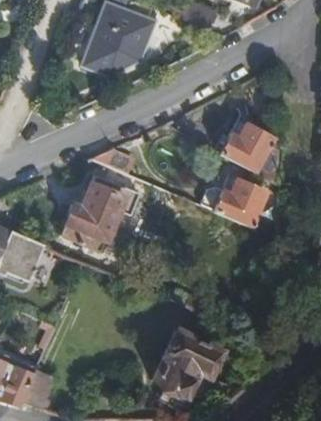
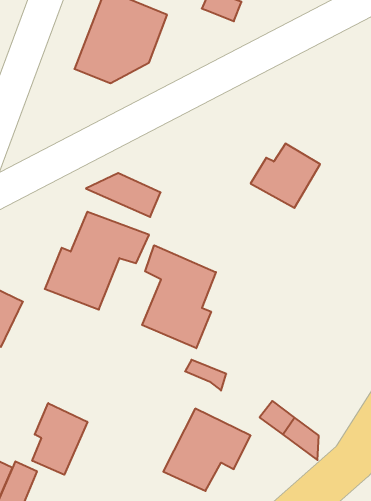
building: [215,179,267,226] -> none
building: none -> [142,245,216,348]
building: none -> [32,403,87,475]

